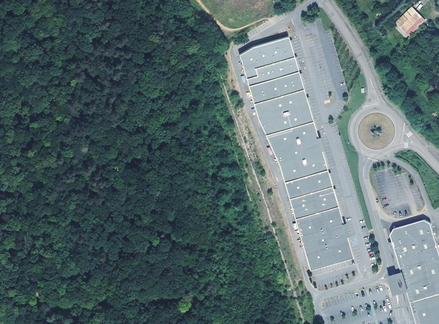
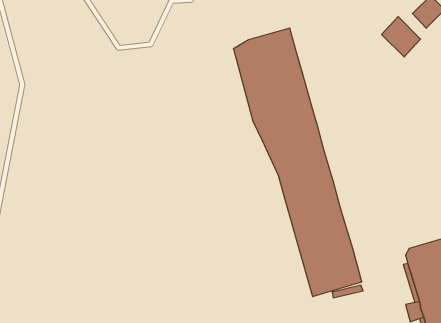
building: none -> [382,17,421,57]

